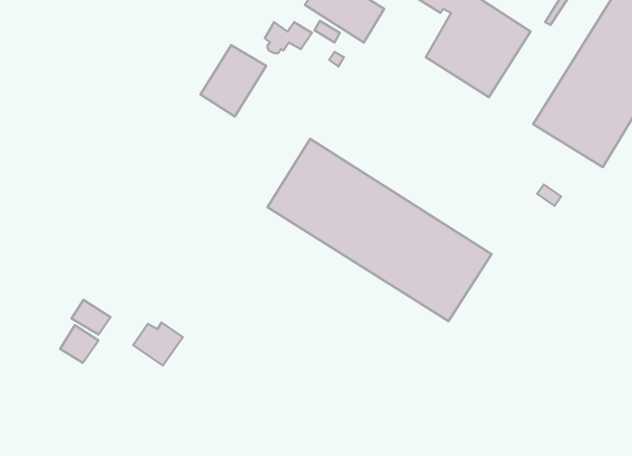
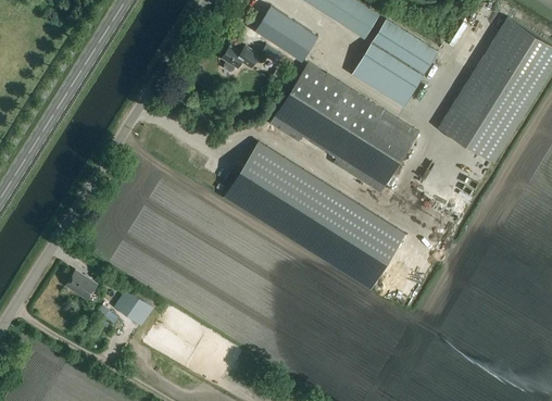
building: none -> [271,62,419,193]
building: [200,45,266,117] -> none
building: [60,325,99,363] -> none

